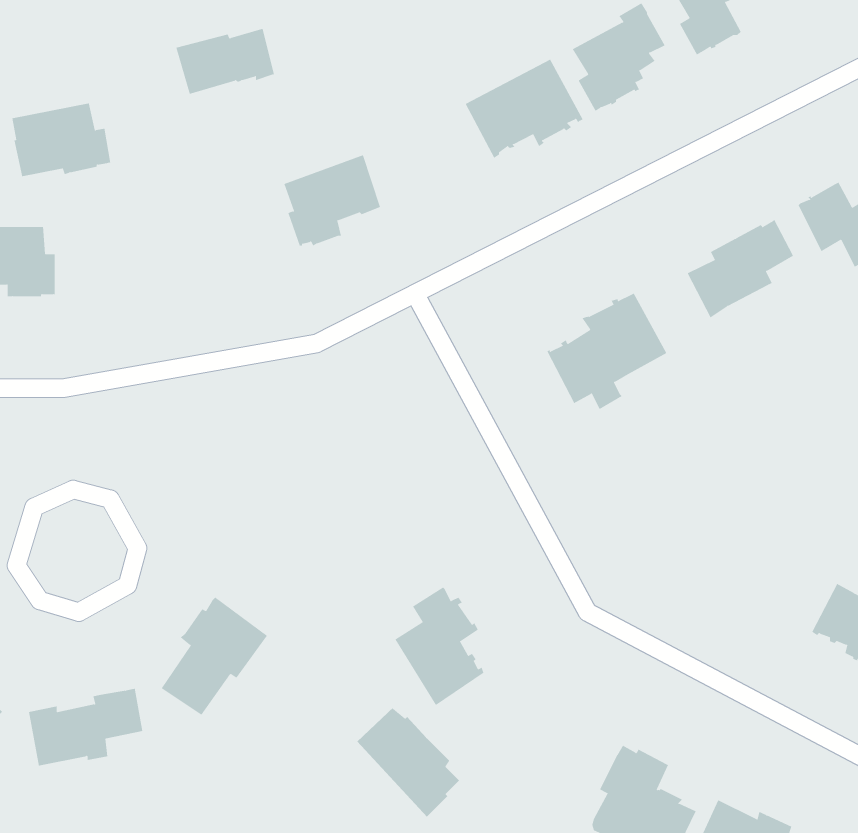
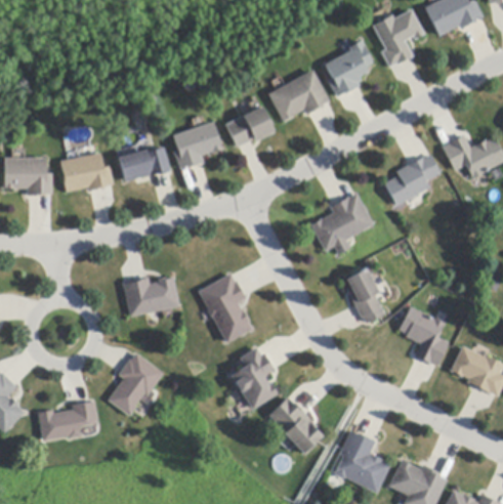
building: [175,28,275,94] -> [118,146,170,181]
building: [12,103,111,177] -> [60,153,113,192]
building: none -> [224,106,275,148]
building: none -> [345,265,385,323]
building: none -> [198,272,252,343]
building: none -> [123,276,179,317]
building: none -> [400,306,449,367]
building: [357,706,460,817] -> [267,396,322,455]

